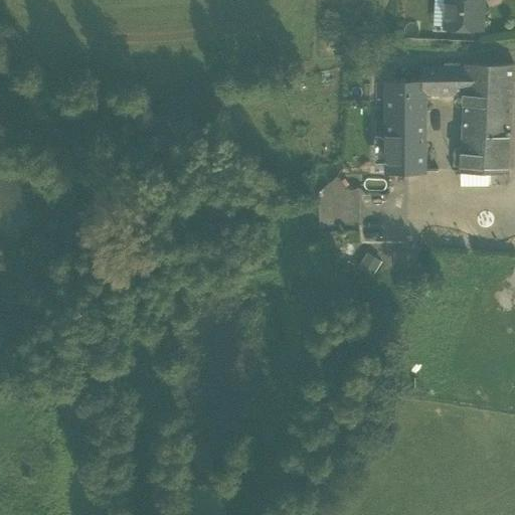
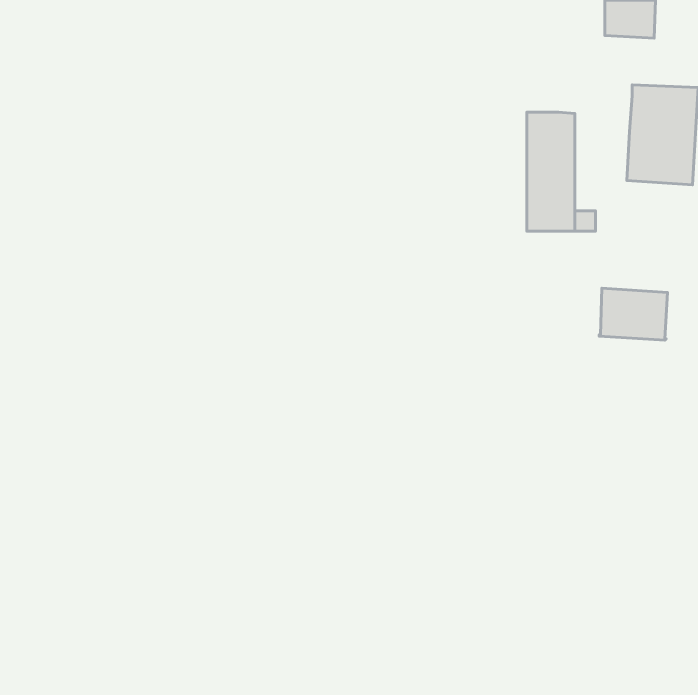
building: [410,72,465,100] -> none
building: [459,136,509,174] -> [599,288,667,340]

